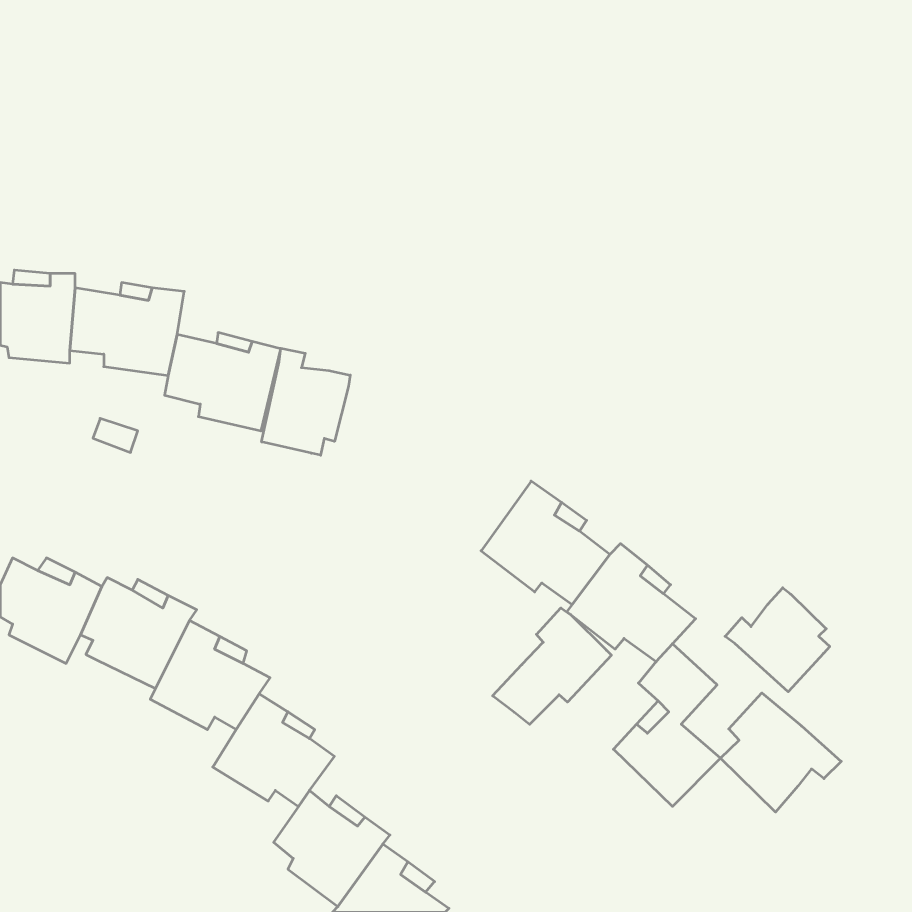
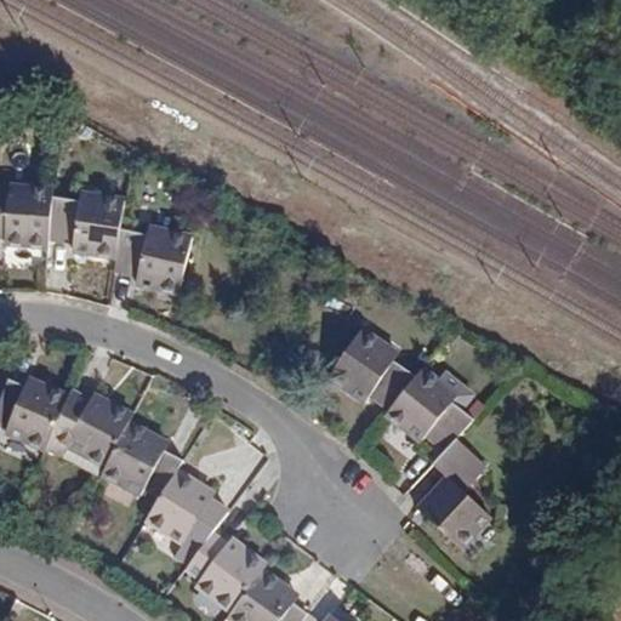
building: [262,348,350,455] -> none
building: [725,588,830,692] -> none
building: [493,608,611,724] -> none
building: [721,693,841,812] -> none

